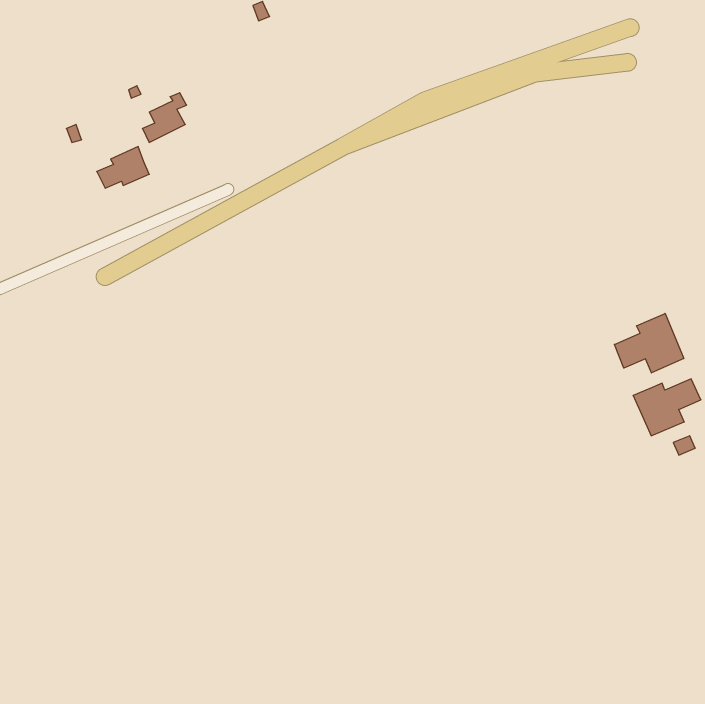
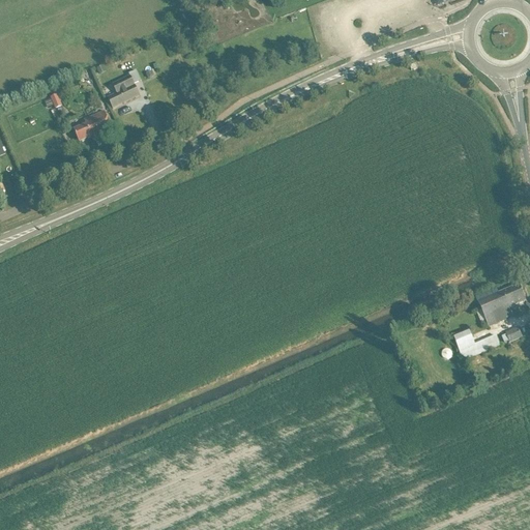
building: [614,313,684,373] -> none
building: none -> [453,329,499,358]

